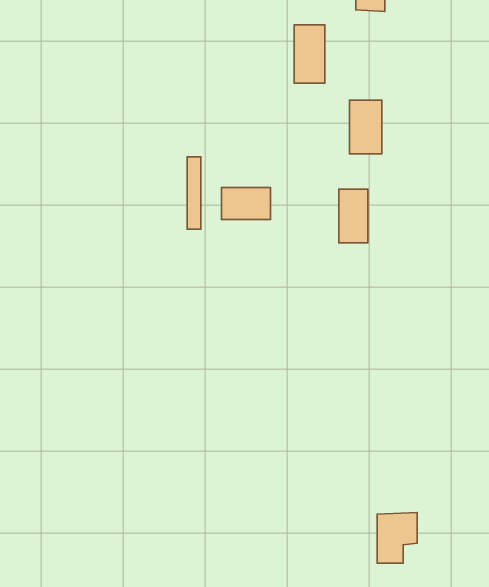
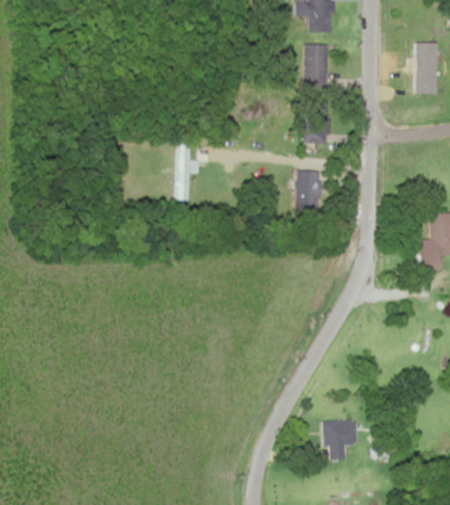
building: [294,25,325,83] -> [304,43,328,88]
building: [221,187,271,219] -> none

